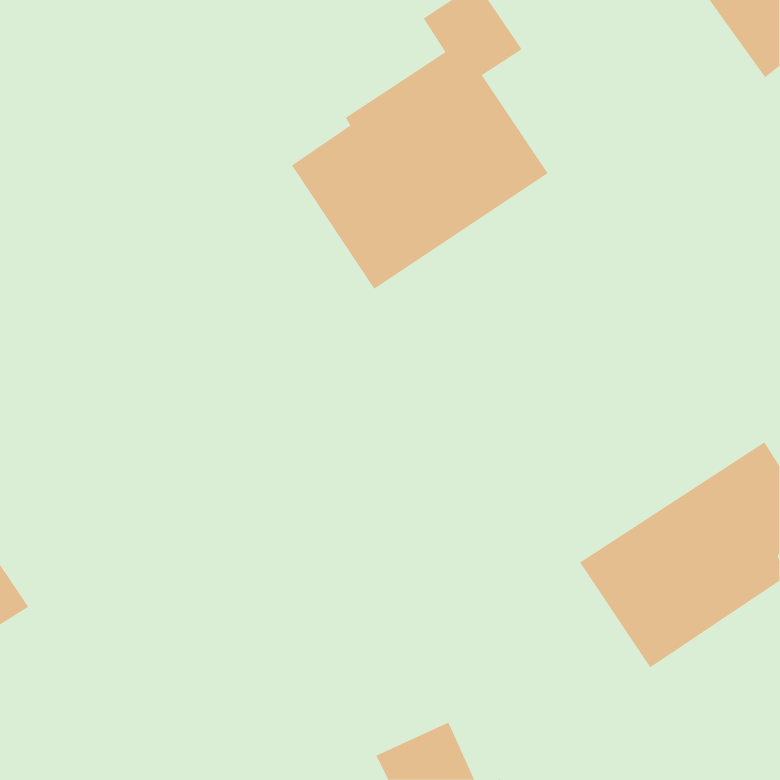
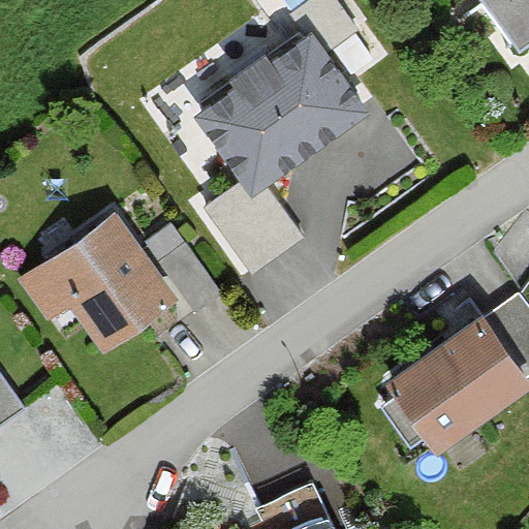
building: none -> [17,214,215,355]

